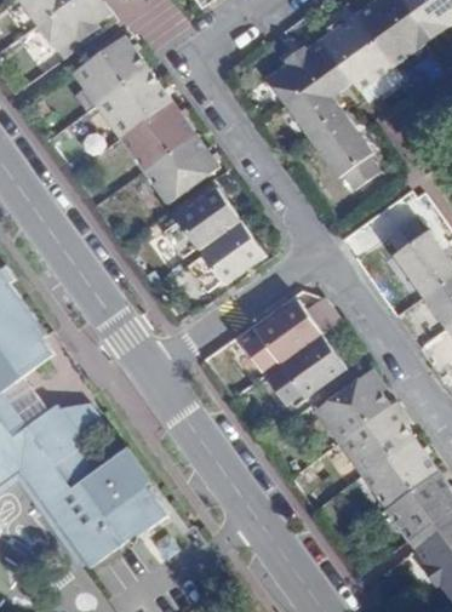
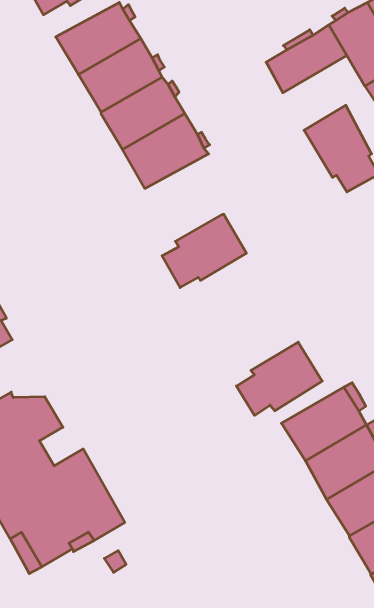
building: [284,64,353,137] -> none
building: [162,189,239,257] -> none
building: [241,299,320,370] -> none

